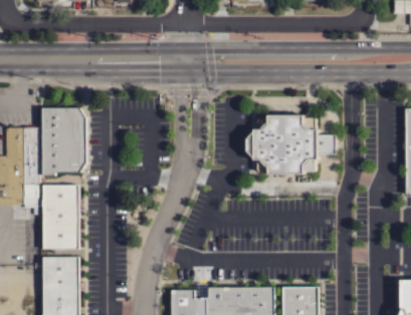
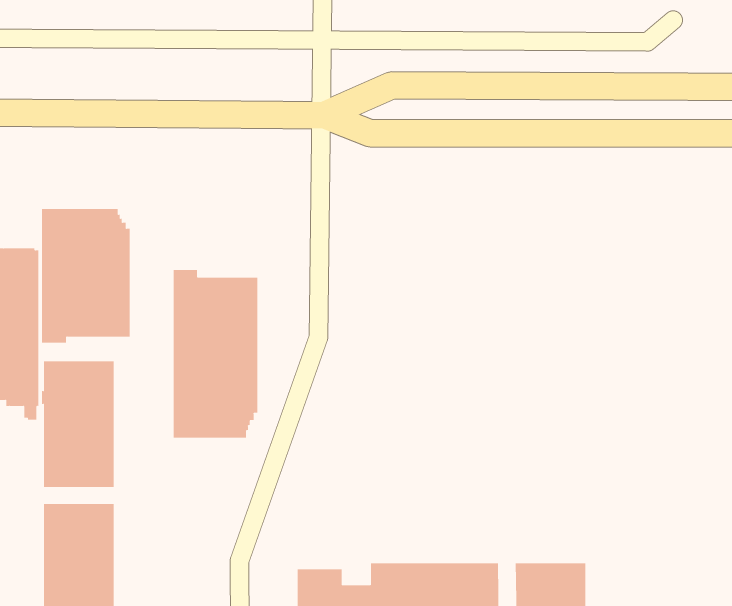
building: [248,115,336,175] -> none
building: none -> [173,269,258,438]

